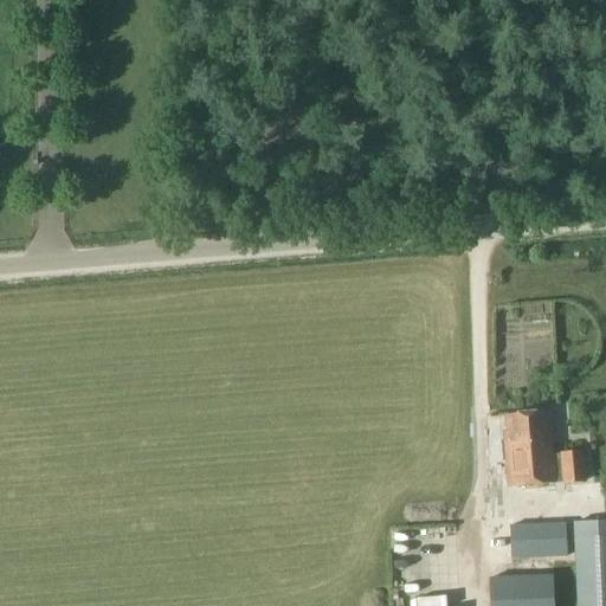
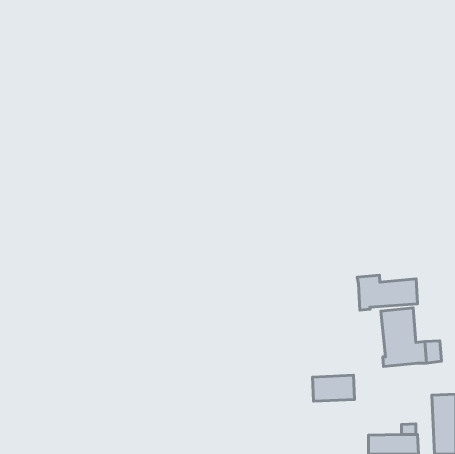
building: none -> [357,275,417,310]
building: [511,522,567,556] -> [313,375,355,401]

